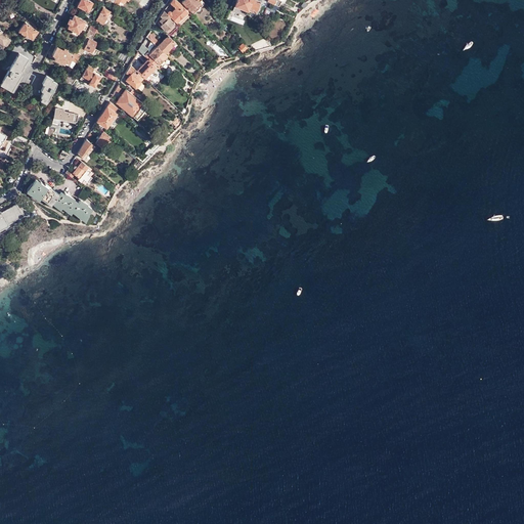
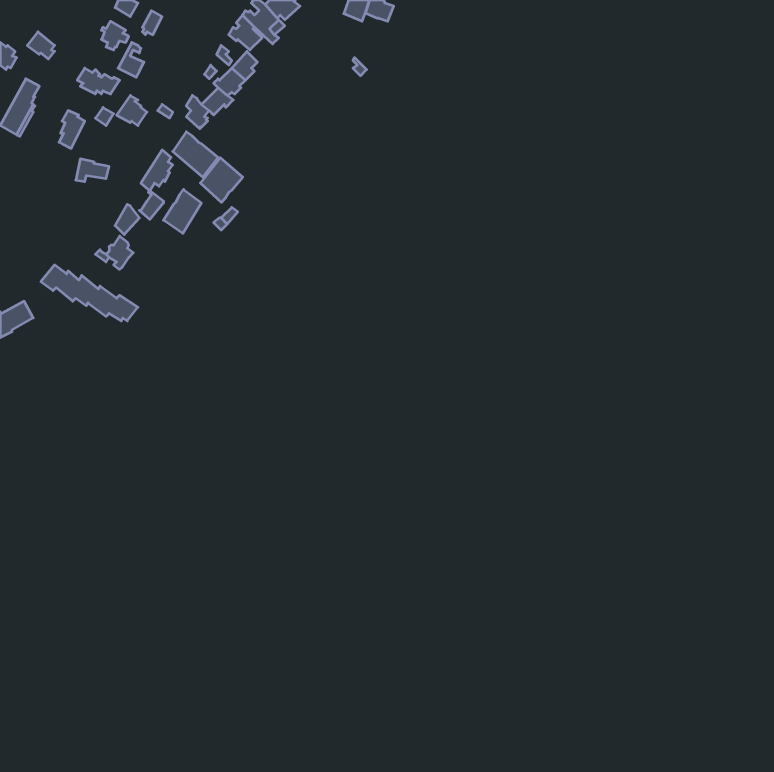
building: none -> [200,158,243,202]
building: none -> [163,189,201,233]

